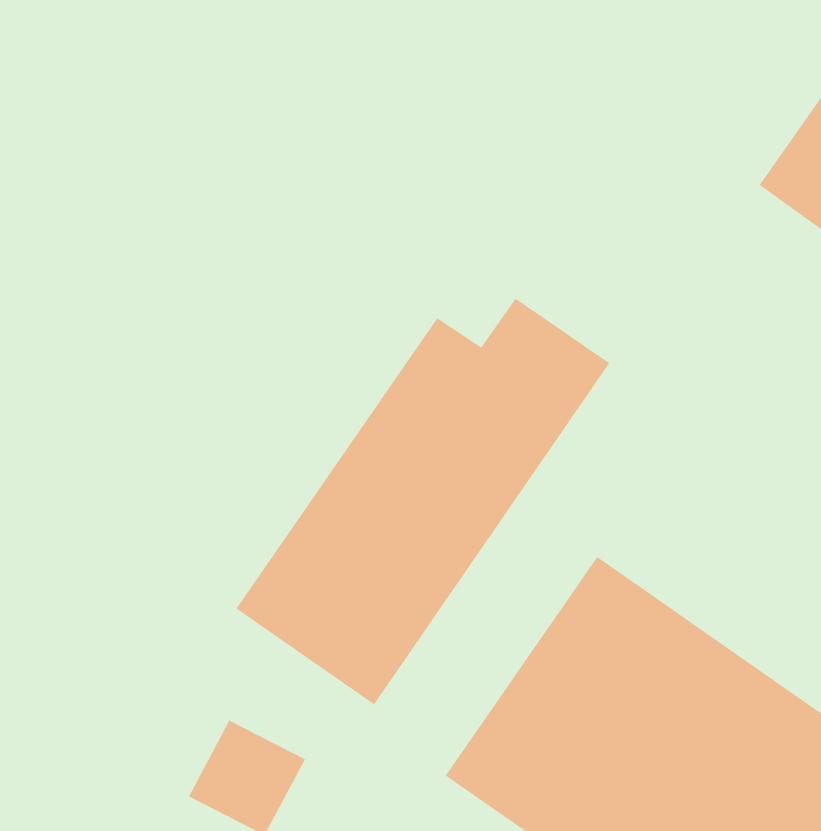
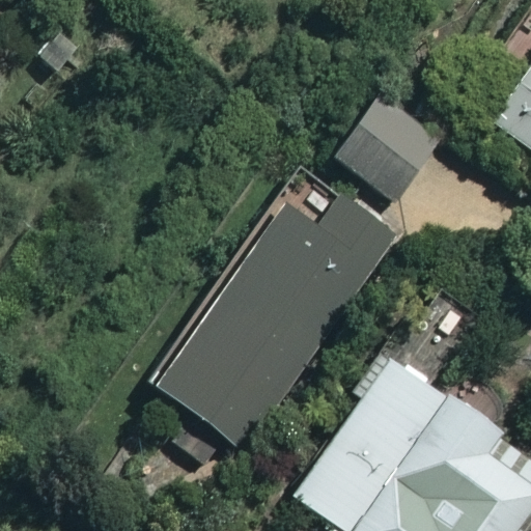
building: none -> [333,93,441,200]

